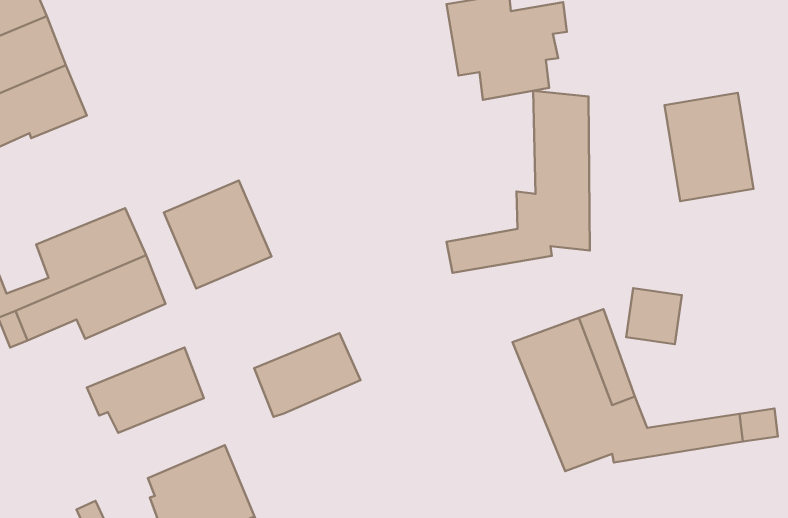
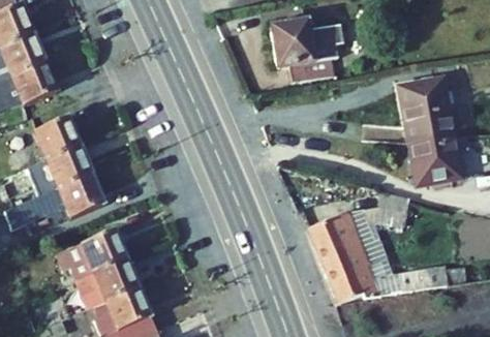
building: [446,91,590,273] -> none
building: none -> [35,117,81,160]
building: [164,180,271,288] -> none
building: none -> [409,135,460,185]
building: [254,333,361,417] -> [76,259,140,309]

